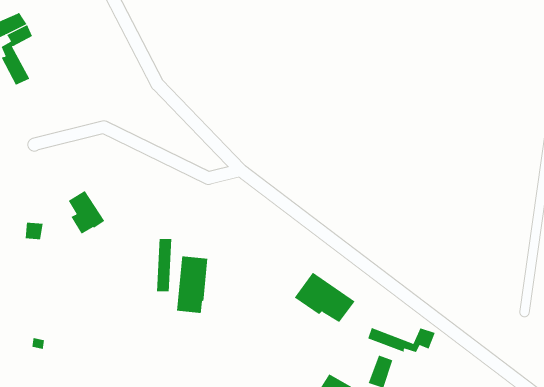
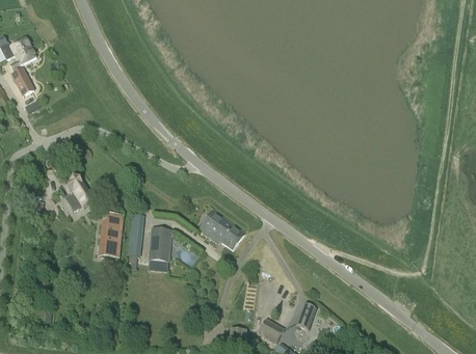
building: none -> [100,213,123,258]
building: [294,272,355,323] -> [197,210,245,249]
building: [368,327,435,353] -> none

